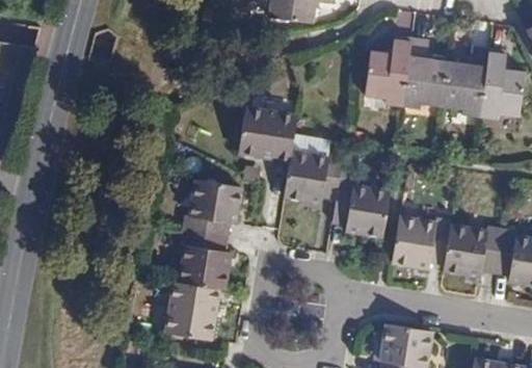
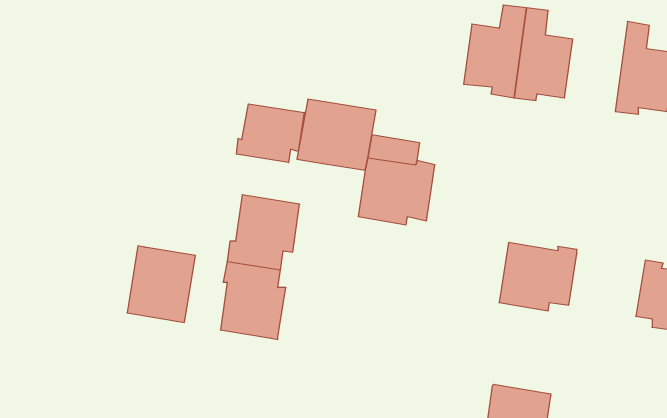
building: [442,46,489,116] -> none
building: none -> [236,104,305,163]
building: [332,178,391,238] -> none
building: [444,225,503,275] -> none
building: [166,282,218,340] -> [127,246,195,322]

